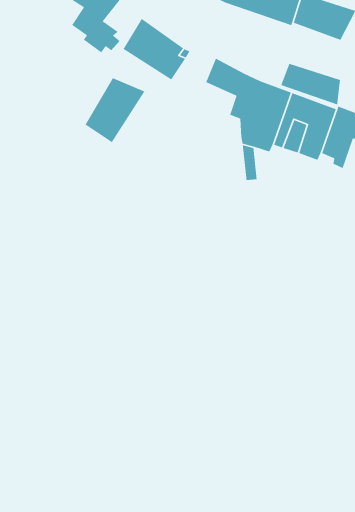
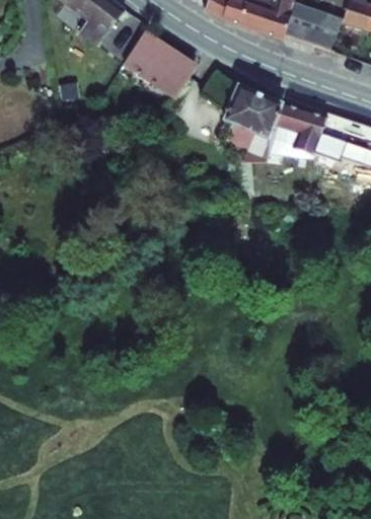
building: [280,63,341,106] -> none
building: [85,77,145,143] -> none

